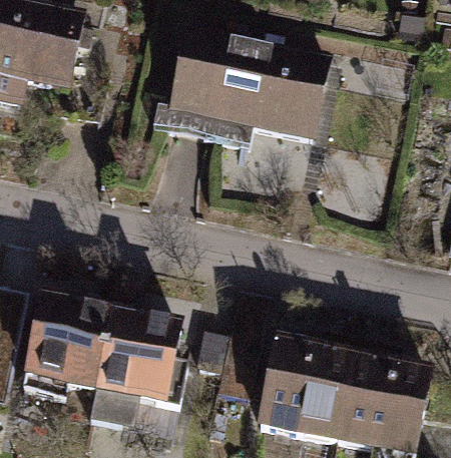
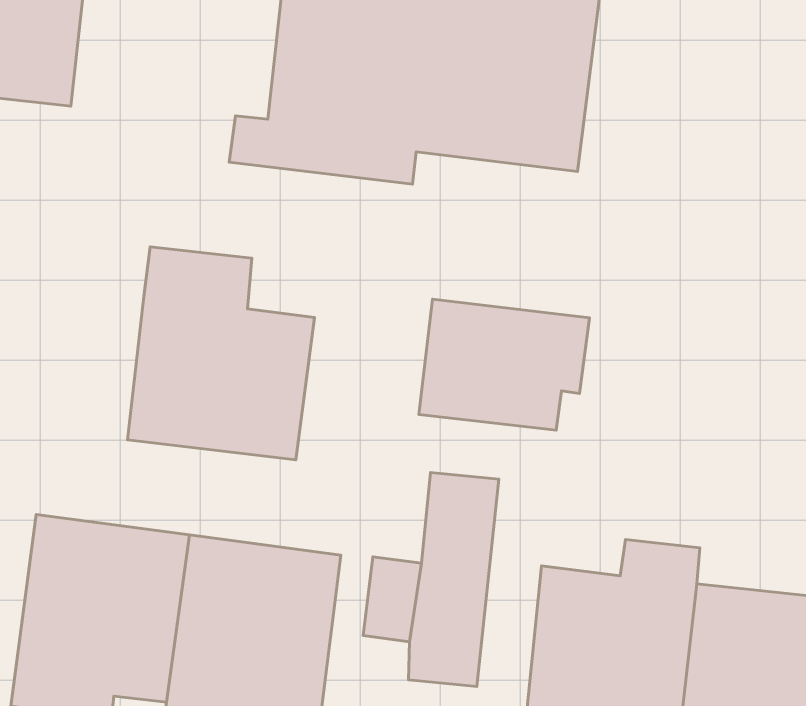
building: none -> [127,247,315,460]
building: none -> [419,299,589,430]

